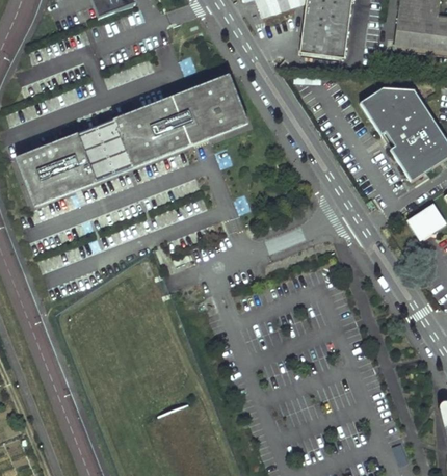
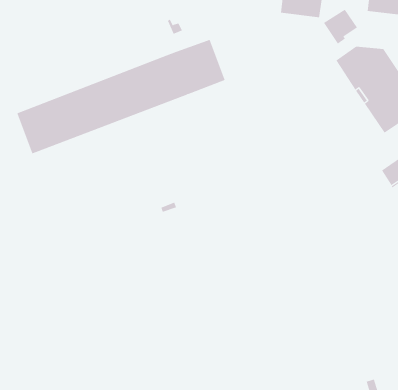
building: none -> [323,9,358,44]

